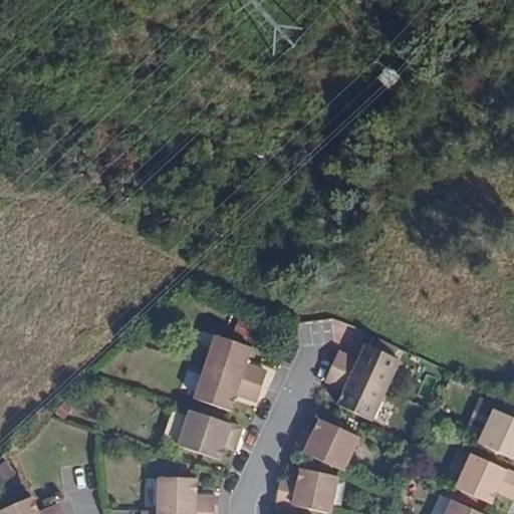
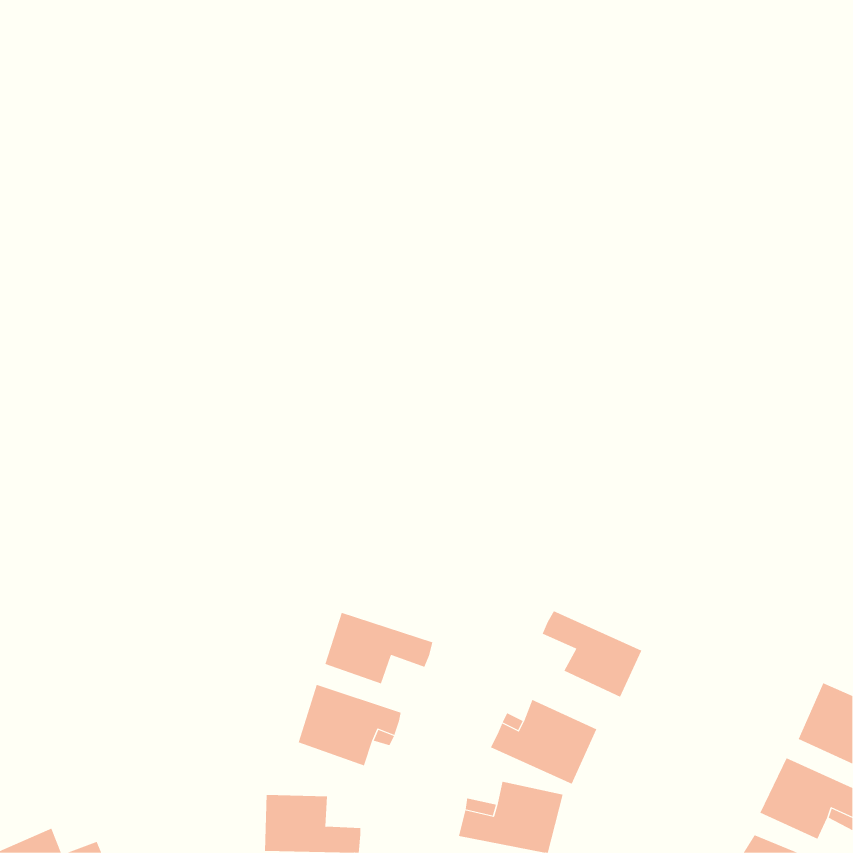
building: [205,335,265,386] -> none
building: [332,347,398,391] -> none

